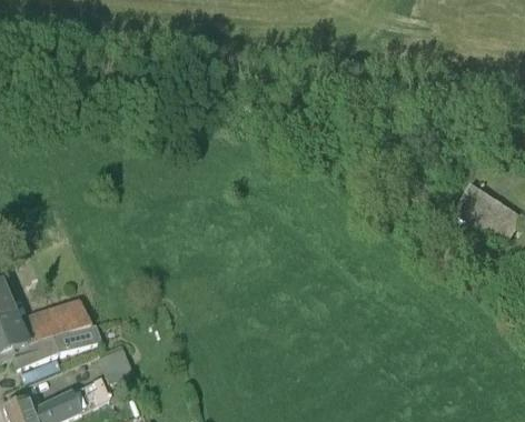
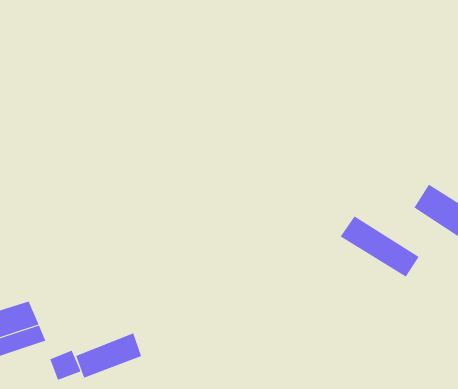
building: none -> [340,216,419,278]
building: none -> [75,332,142,378]

